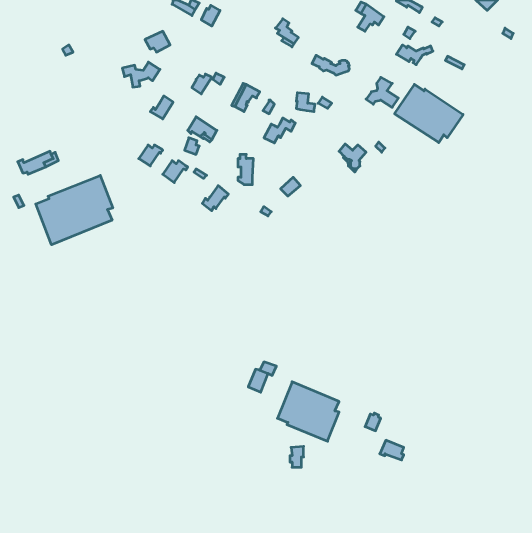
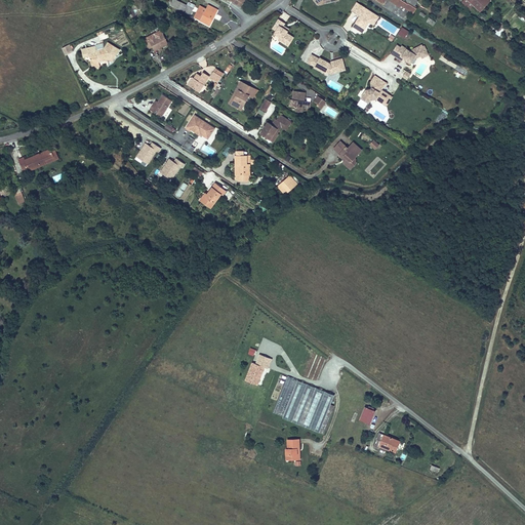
building: [122,62,160,87] -> [81,43,118,68]
building: [395,84,463,143] -> none
building: [36,175,113,245] -> none

